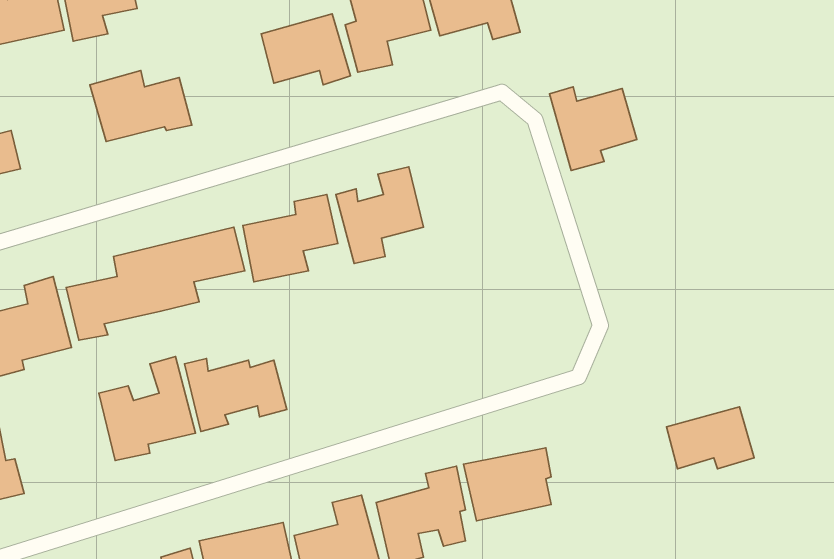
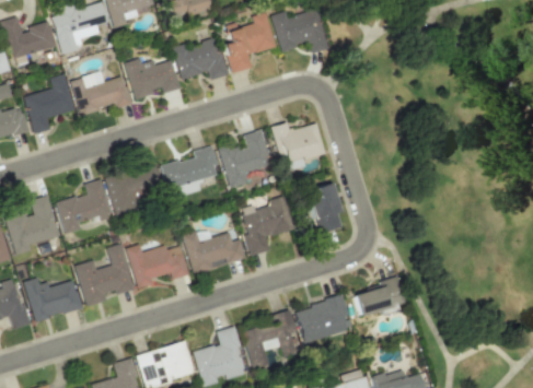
building: none -> [125,57,179,97]
building: none -> [23,73,74,133]
building: [549,87,637,171] -> [273,121,325,172]
building: none -> [305,183,343,233]
building: none -> [241,199,293,255]
building: none -> [183,227,245,273]
building: [667,407,754,469] -> [354,279,406,316]
building: none -> [23,277,82,320]

